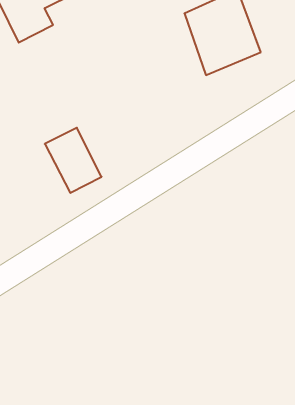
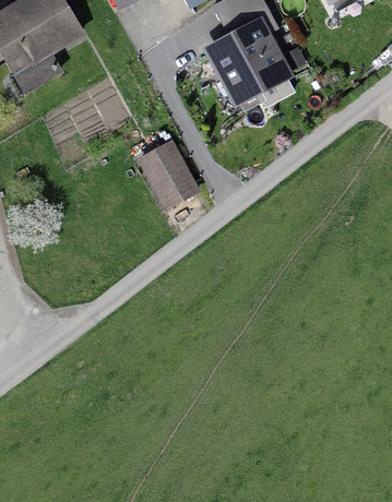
building: [45,128,102,193] -> [134,136,200,208]

